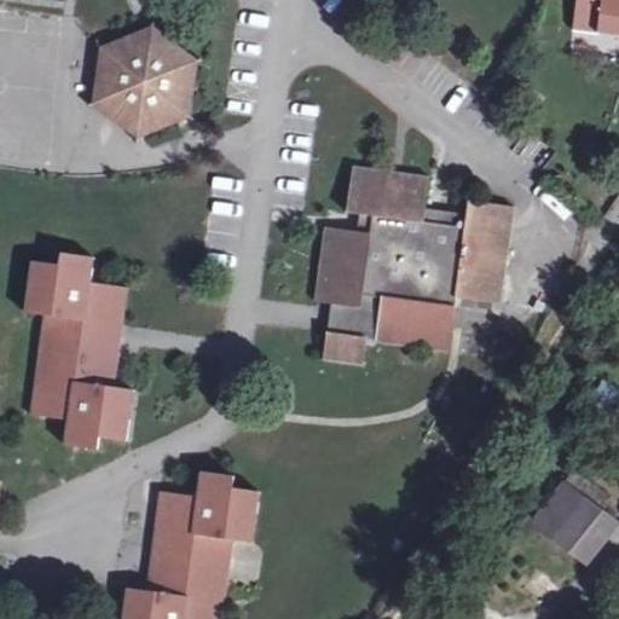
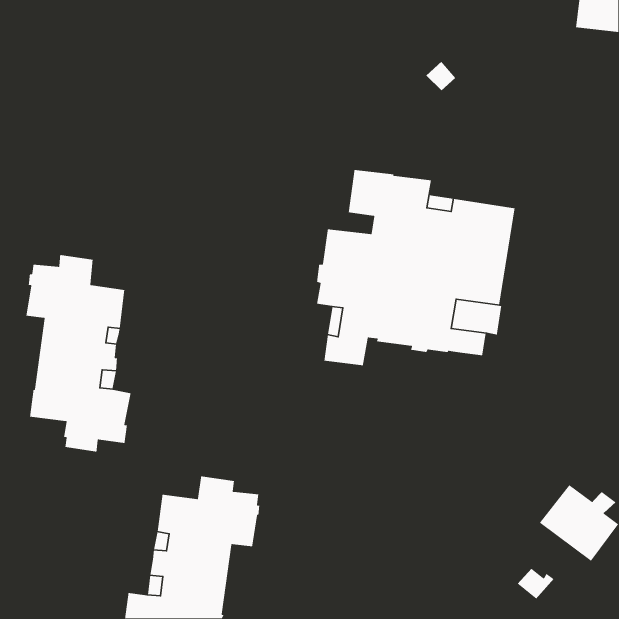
building: [91,25,196,138] -> none

